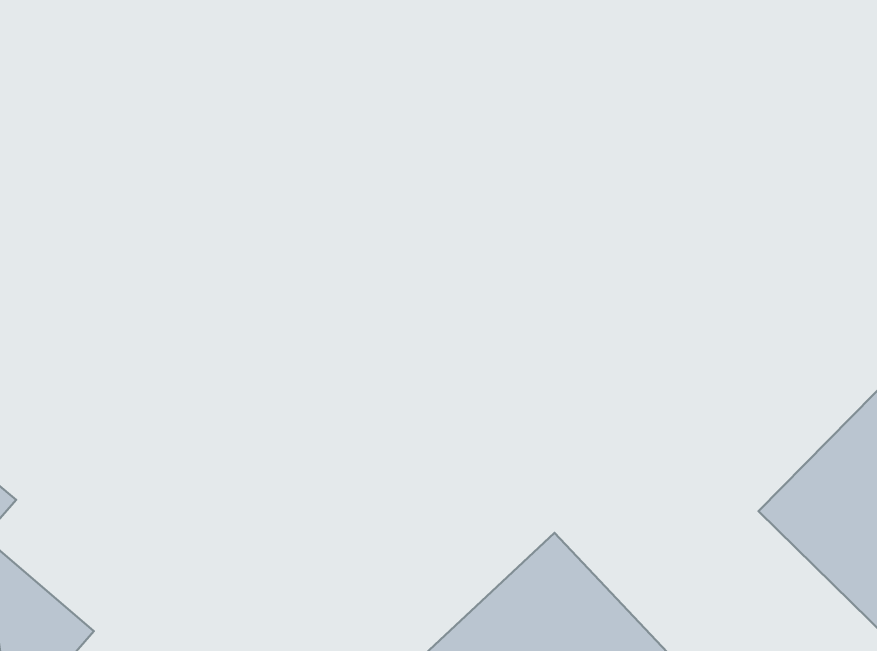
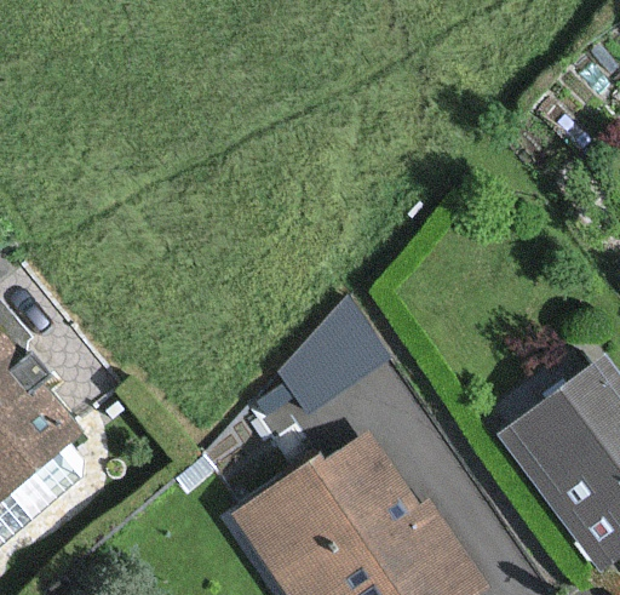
building: none -> [279,294,392,416]

